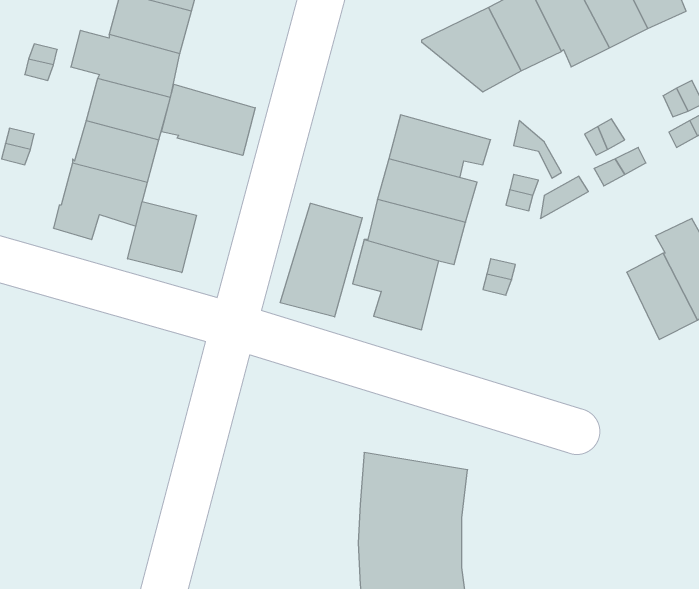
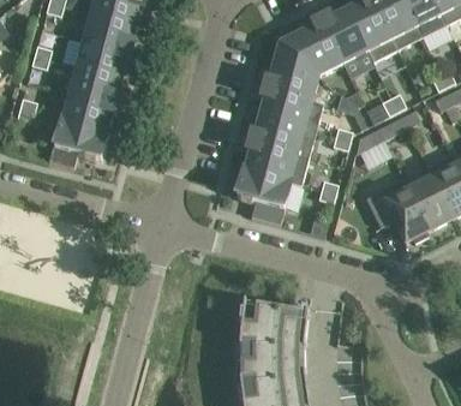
building: none -> [264,43,321,105]
building: [161,84,255,155] -> none
building: [128,202,196,273] -> none
building: [280,203,362,317] -> none
building: none -> [364,178,426,241]

